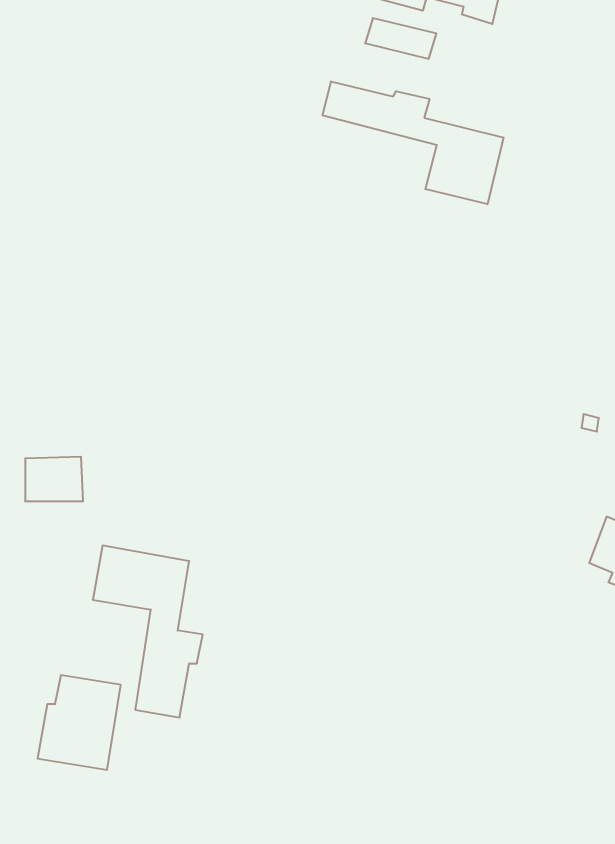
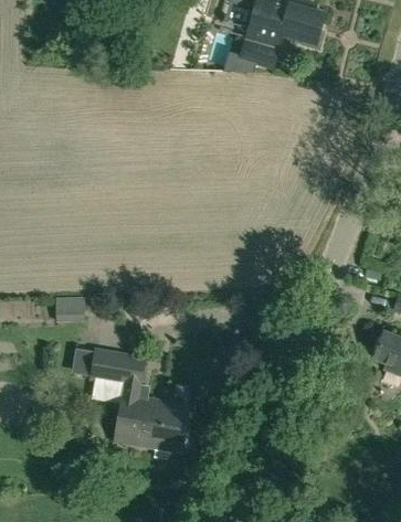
building: [323,81,504,204] -> none
building: [38,675,121,770] -> [138,398,186,452]

